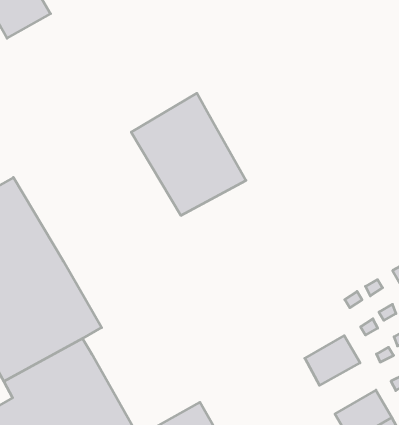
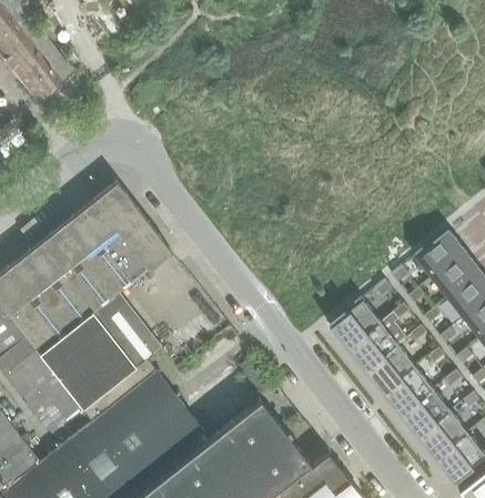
building: [131,93,246,215] -> [63,182,172,293]
building: none -> [330,298,380,347]
building: none -> [364,344,415,393]

